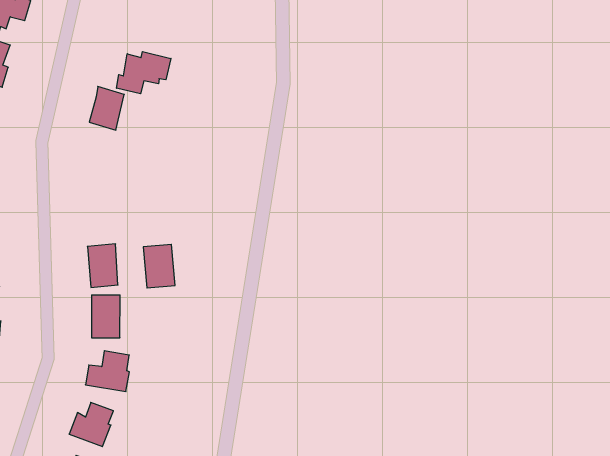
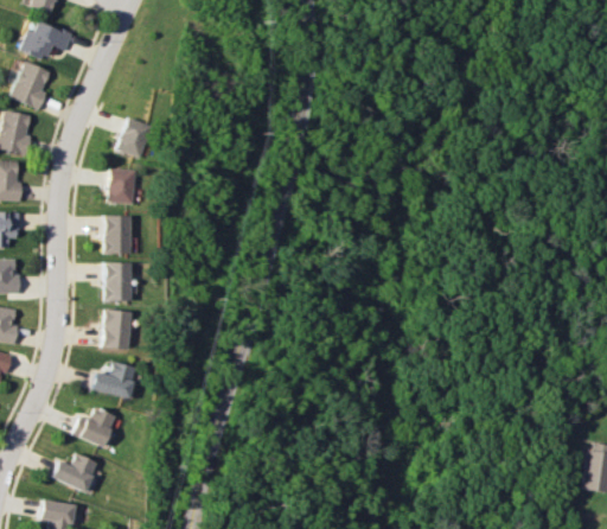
building: [117,52,171,94] -> none
building: none -> [109,168,136,204]
building: [143,244,175,288] -> [106,216,132,254]

